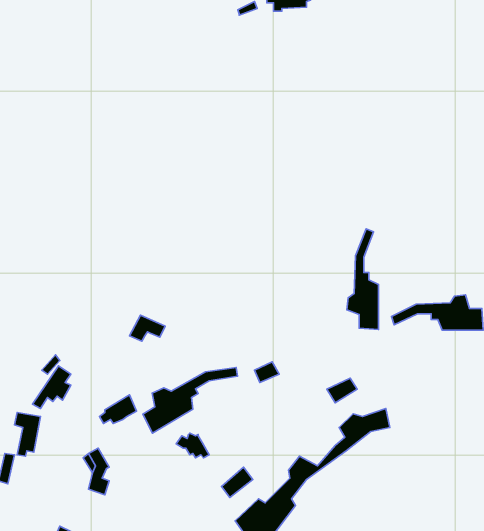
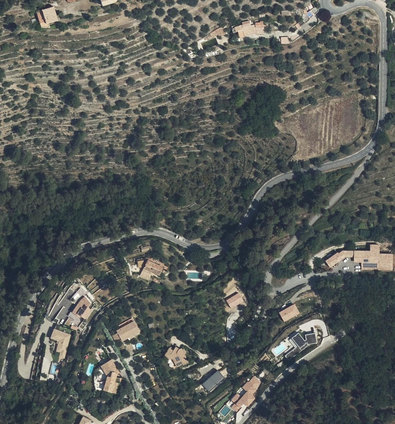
building: [347,229,379,330] -> none
building: [143,368,237,433] -> none

